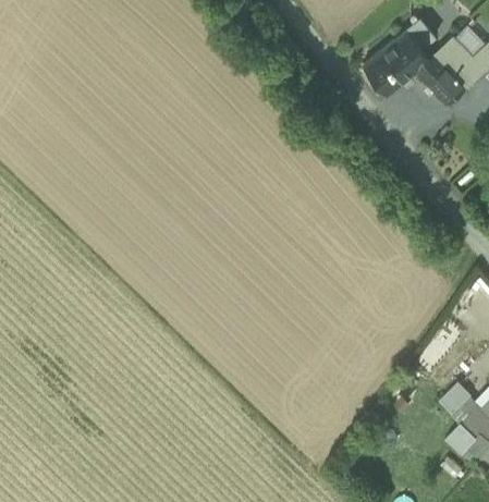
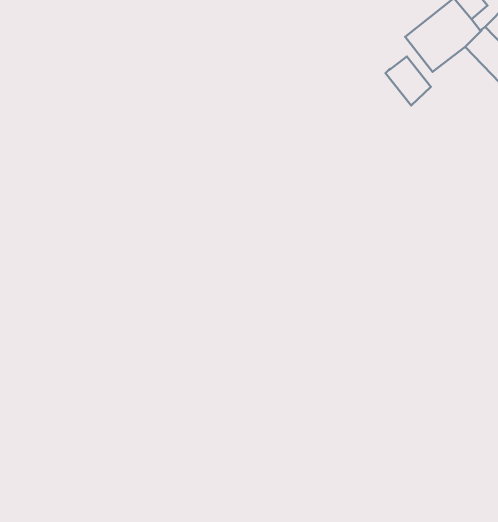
building: none -> [385,57,431,105]

